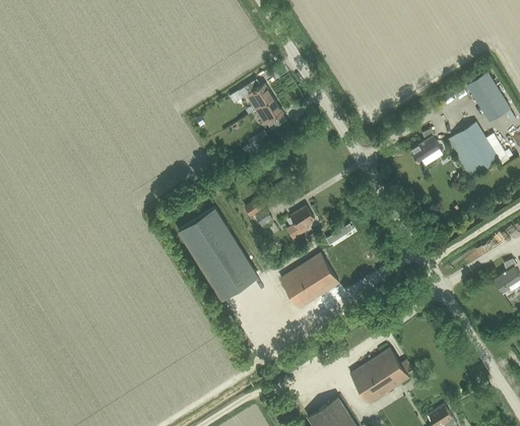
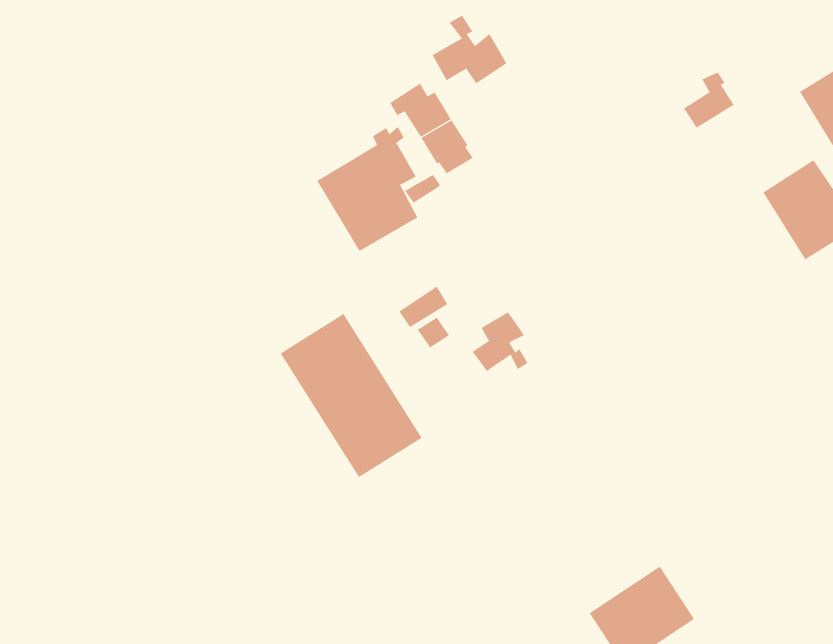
building: none -> [432,15,507,84]
building: none -> [317,126,418,252]
building: [411,130,440,162] -> [683,72,734,129]
building: [281,254,339,309] -> none

